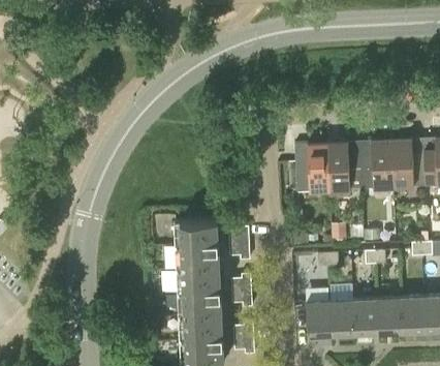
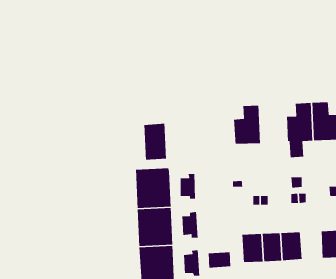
building: [326,142,360,197] -> none
building: none -> [143,123,167,161]
building: [377,297,403,332] -> none
building: none -> [208,251,231,268]

